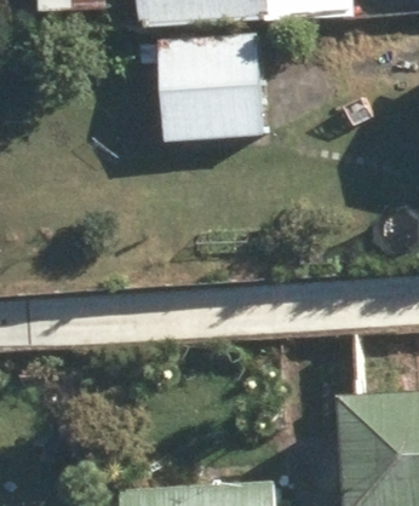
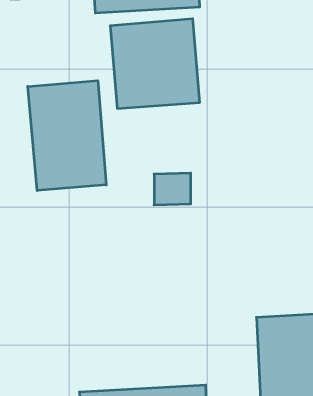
building: none -> [28,81,106,191]

